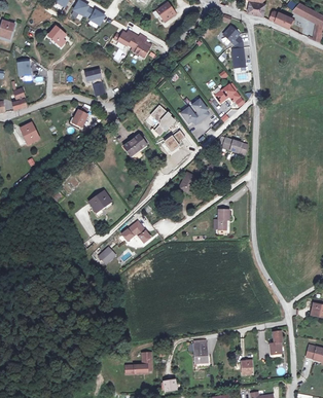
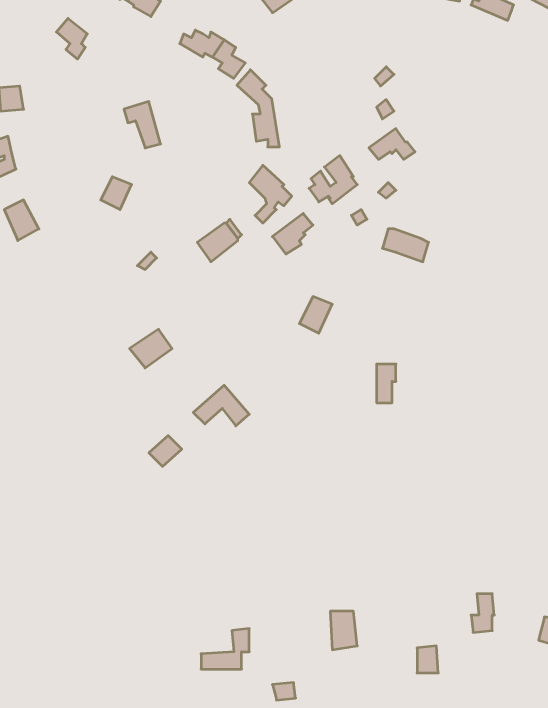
building: [222,26,245,67] -> [237,70,279,147]

